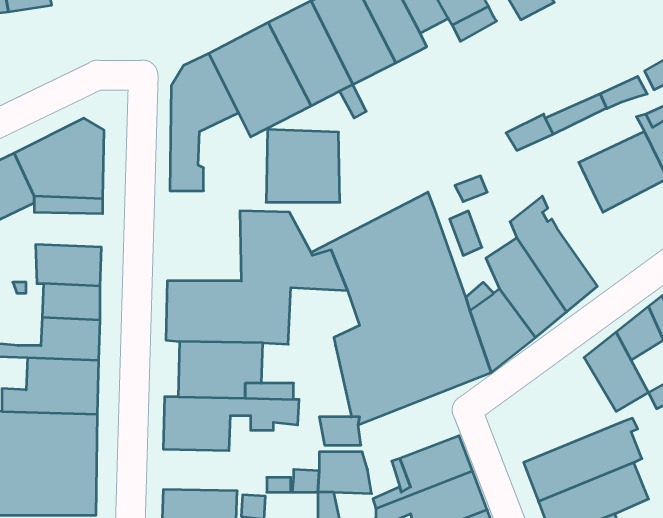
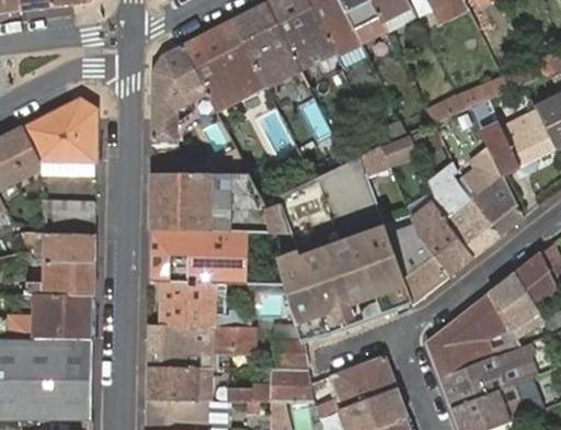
building: [266,130,340,202] -> [148,171,208,230]
building: none -> [466,163,523,235]
building: none -> [425,293,518,378]
building: none -> [145,367,210,401]

